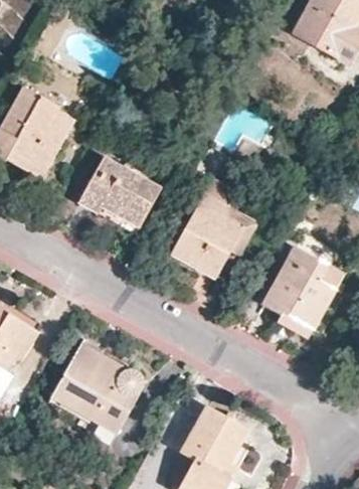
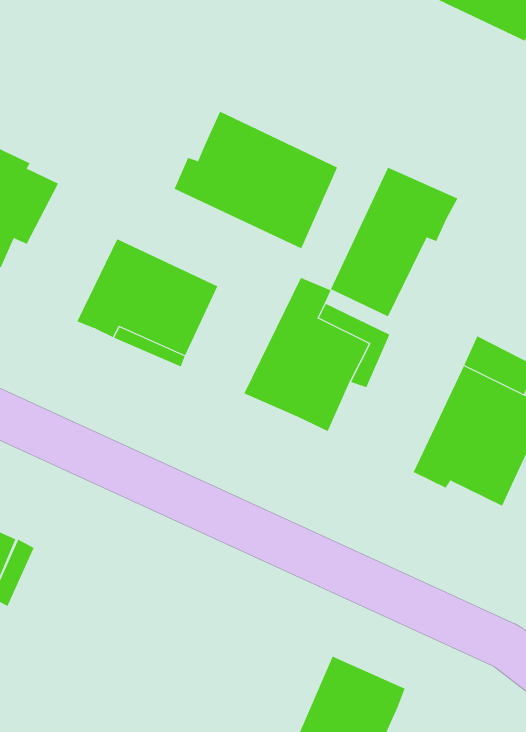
building: none -> [174,111,338,249]
building: none -> [330,167,458,317]
building: [49,343,144,435] -> none

